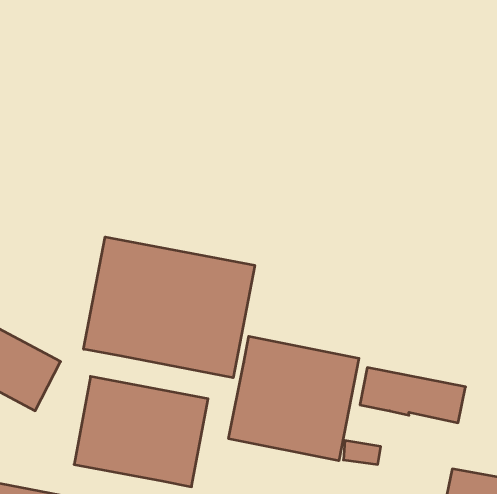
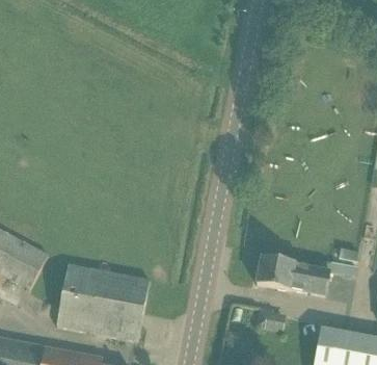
building: [84,237,255,378] -> none
building: [229,336,359,461] -> none

